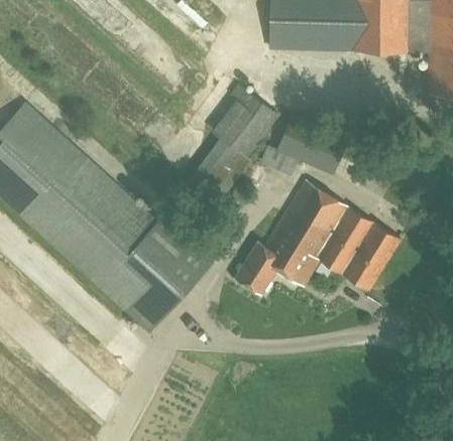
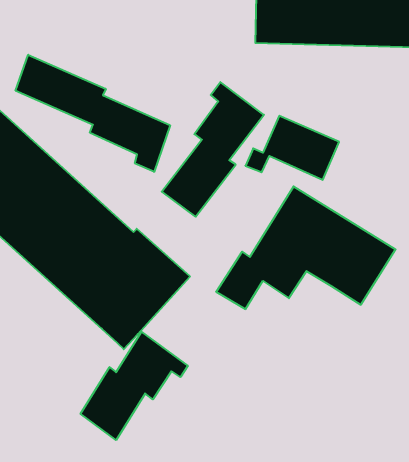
building: none -> [16,55,170,172]
building: none -> [81,332,188,440]

